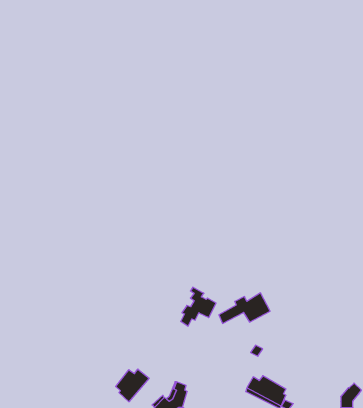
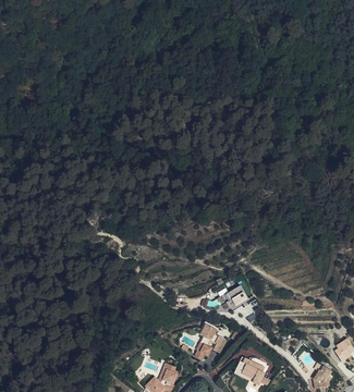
building: [181,287,216,326] -> [194,324,225,359]
building: [116,369,149,402] -> none

